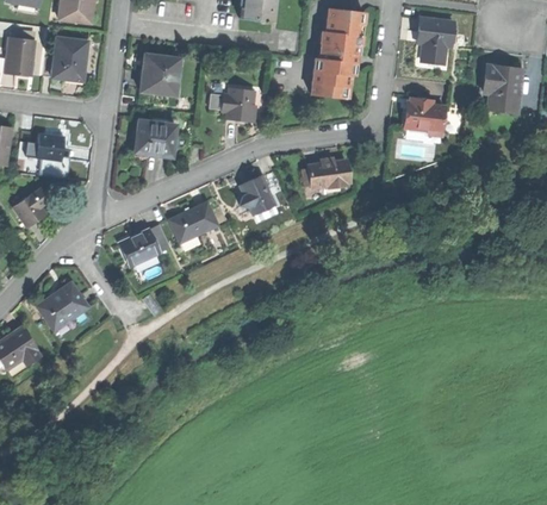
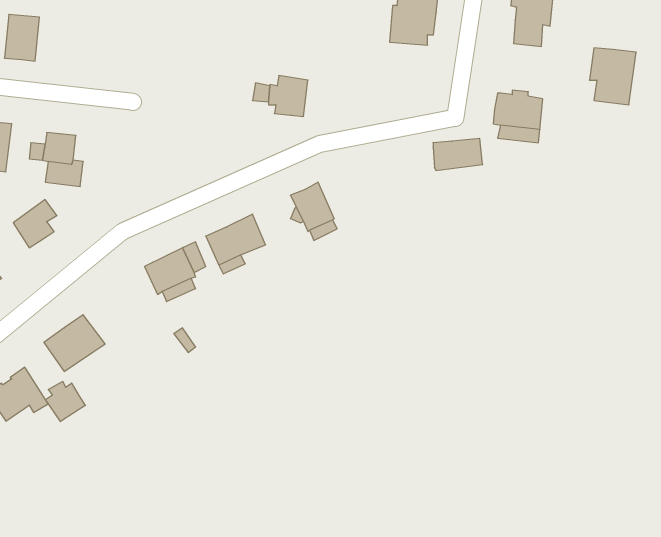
building: [51,37,87,81] -> none
building: [141,52,178,93] -> none
building: [311,58,350,96] -> none
building: [135,118,176,155] -> none
building: [309,161,349,187] -> [433,138,483,170]
building: none -> [46,381,85,422]

